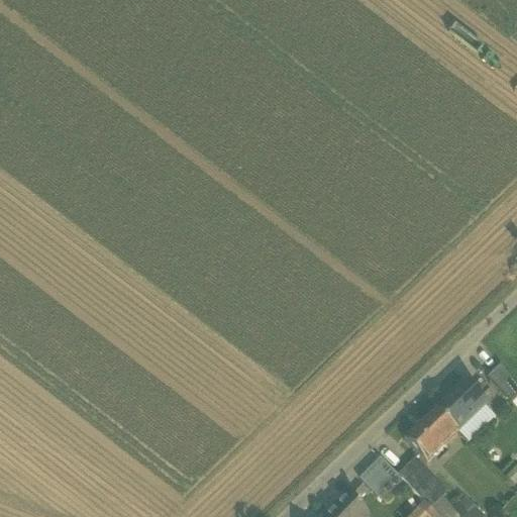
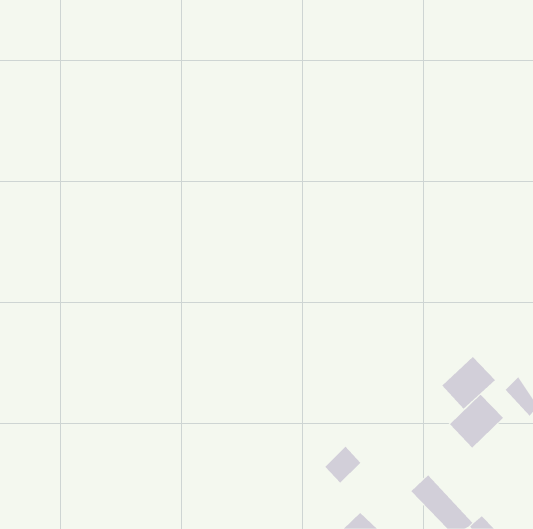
building: [405,409,457,460] -> [441,356,496,409]
building: [361,459,397,496] -> [324,446,361,484]

